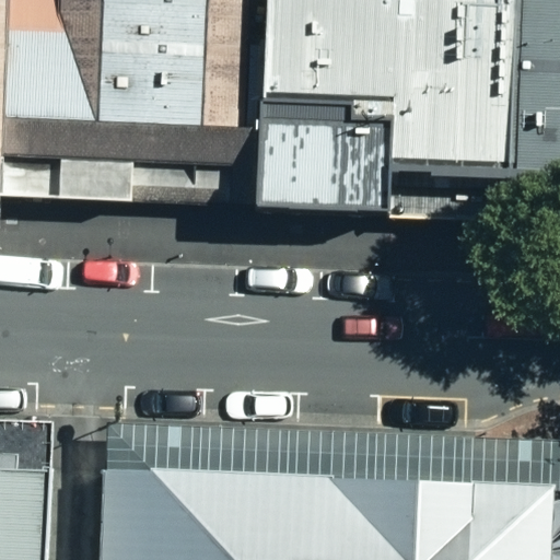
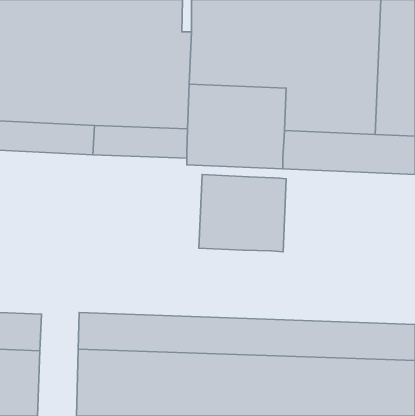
building: none -> [199,175,286,252]

